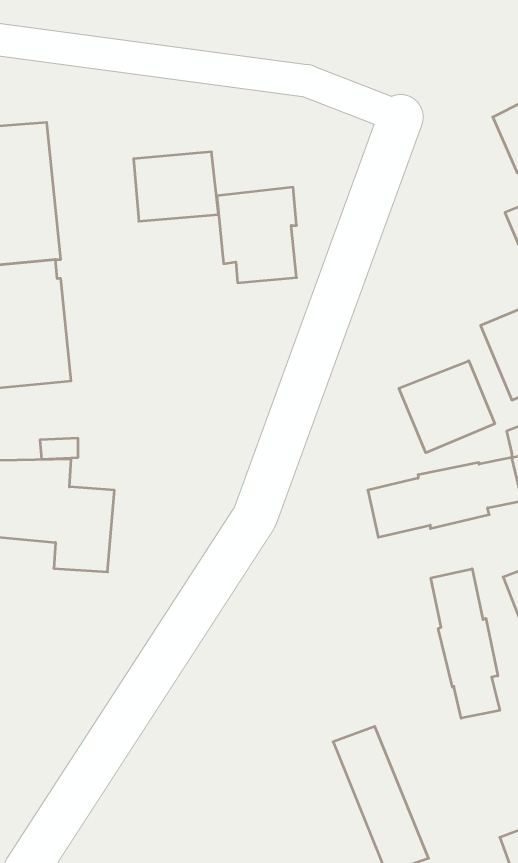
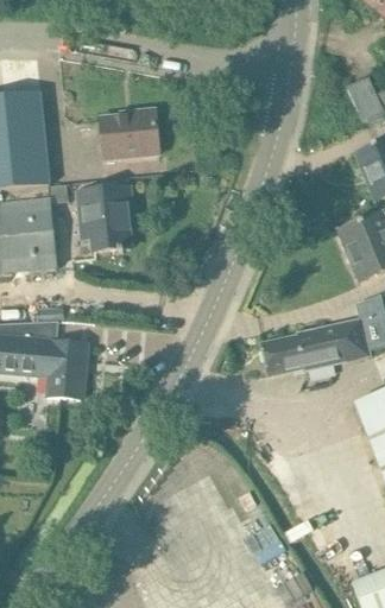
building: [217,187,297,283] -> [77,185,132,251]
building: [399,361,495,453] -> none
building: [431,569,500,718] -> none

